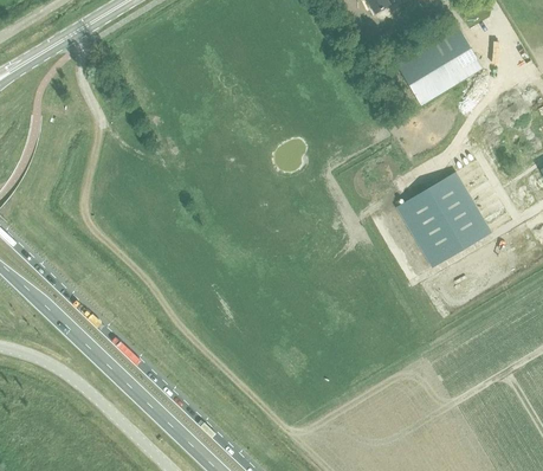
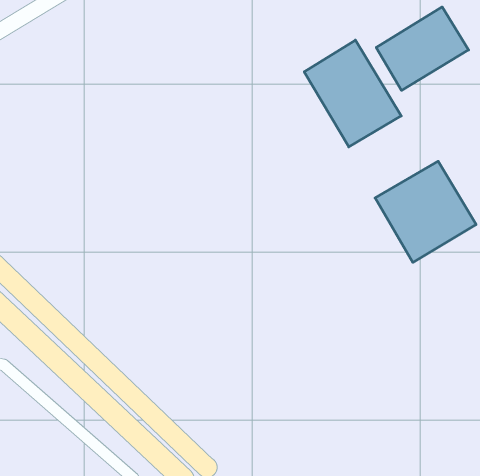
building: none -> [304,40,401,147]

